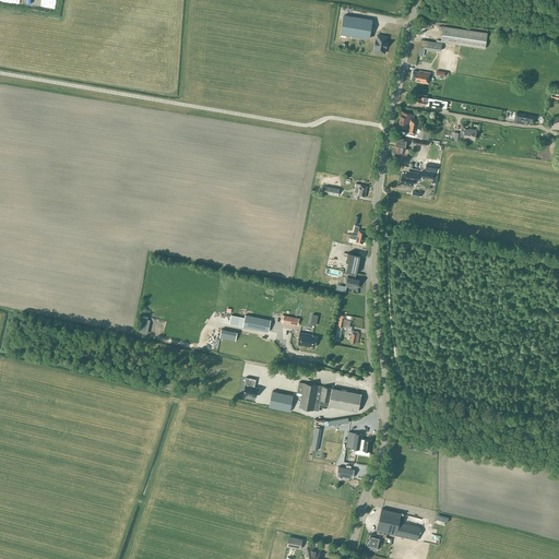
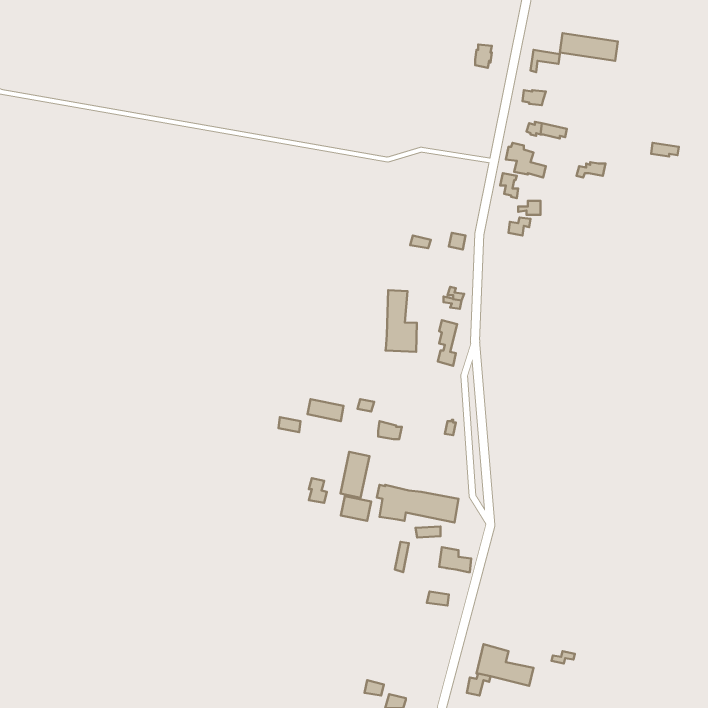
building: [341,15,372,38] -> none
building: none -> [385,290,417,352]
building: none -> [340,452,369,498]

